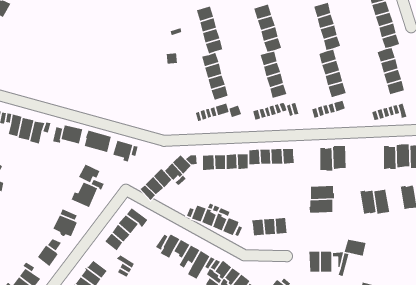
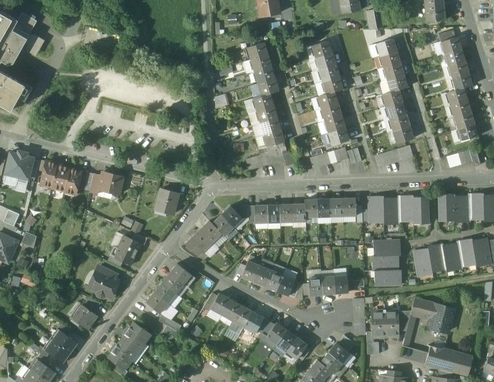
building: [83,130,114,154] -> none
building: none -> [439,194,454,222]
building: none -> [368,196,384,224]
building: none -> [413,196,429,224]
building: none -> [457,239,477,270]
building: none -> [413,246,433,277]
building: none -> [375,270,402,286]
building: none -> [428,303,455,331]

